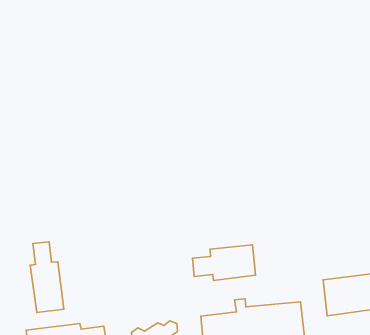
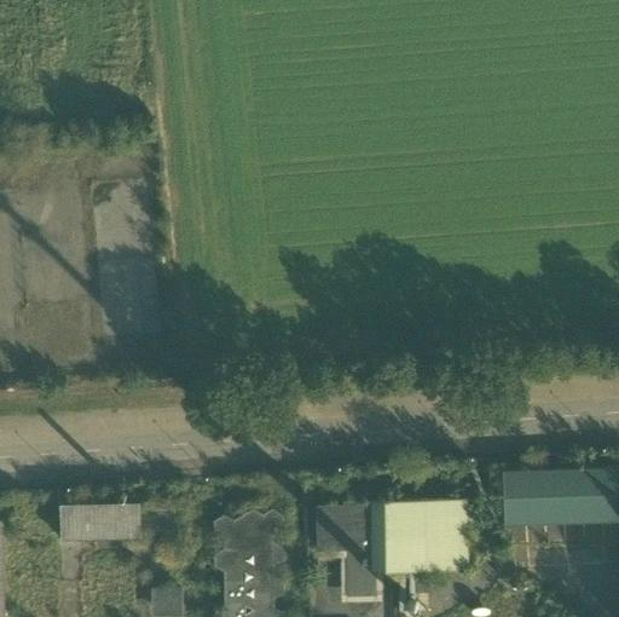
building: [30,242,64,312] -> none
building: [193,245,256,281] -> none

